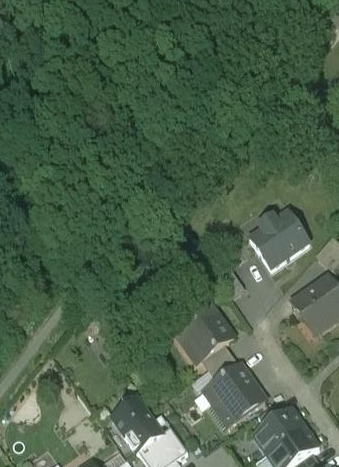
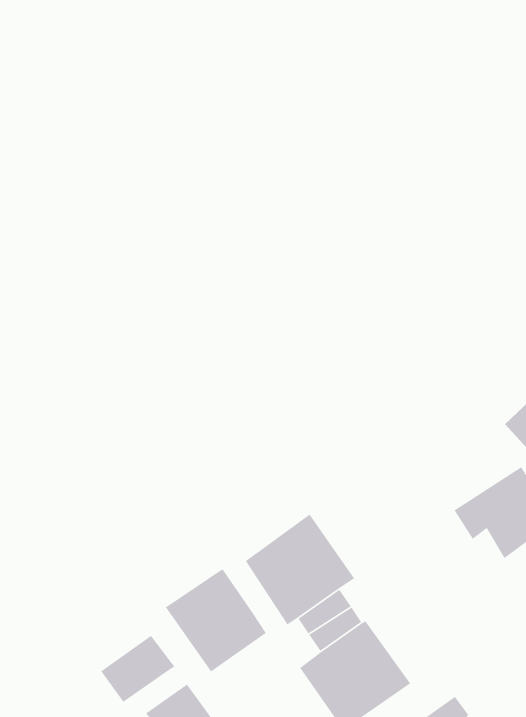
building: [248,207,310,267] -> none
building: none -> [165,568,267,673]
building: none -> [100,635,175,703]

